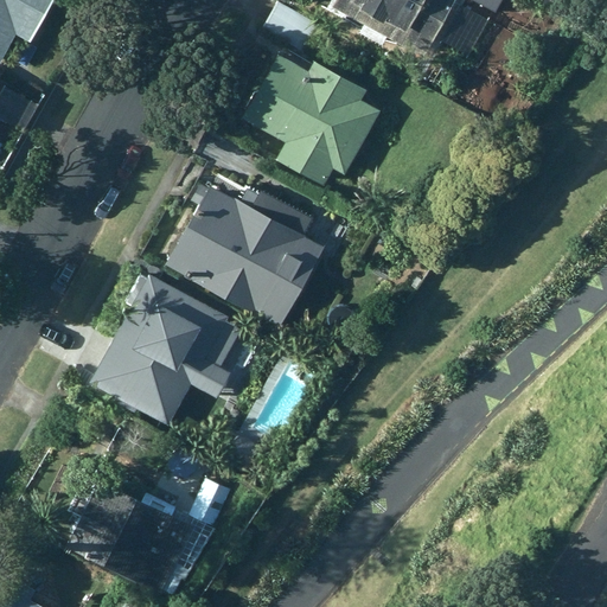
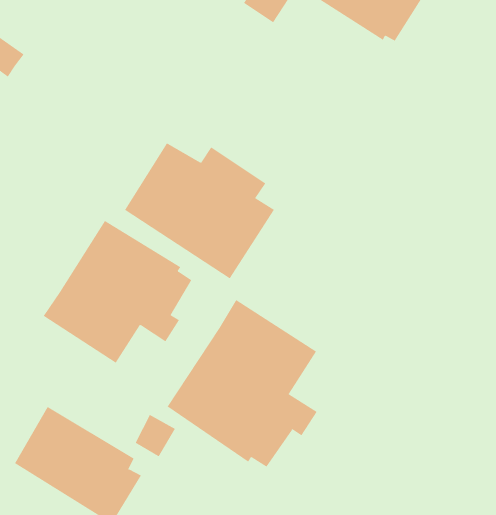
building: [238,53,378,184] -> none
building: none -> [167,299,317,468]

